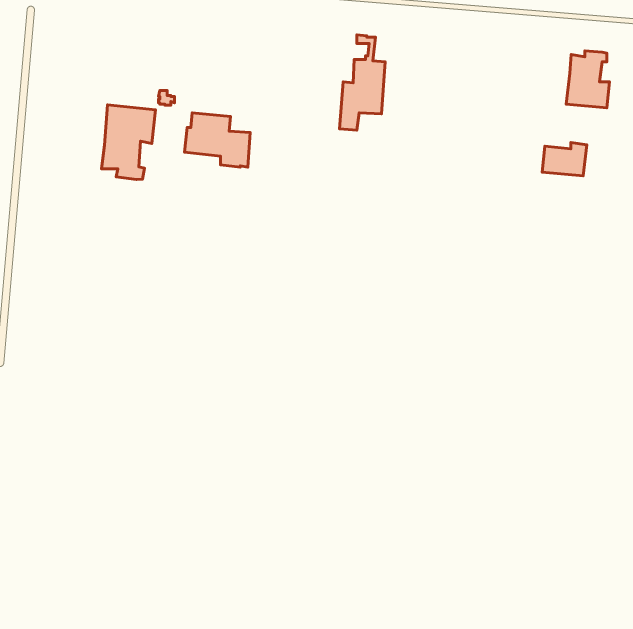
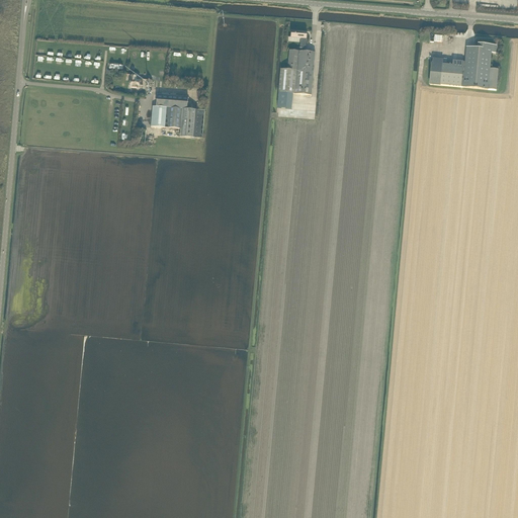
building: [101,105,155,179] -> none
building: [542,142,587,176] -> [429,58,465,85]

